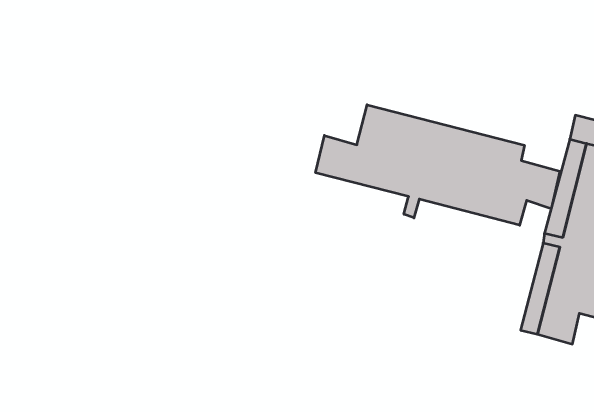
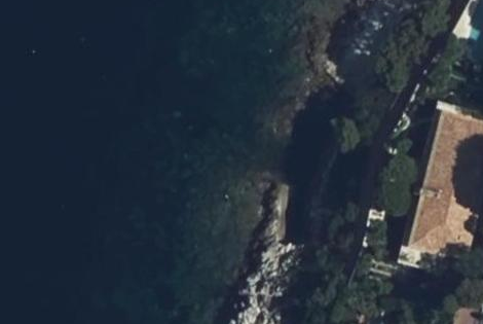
building: [316,105,560,225] -> none

